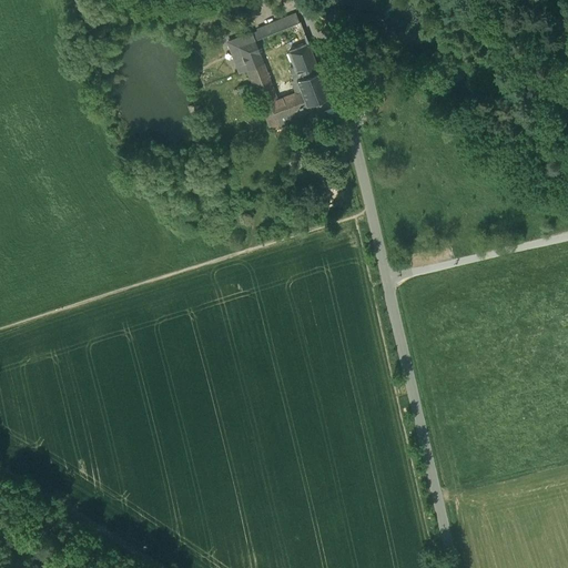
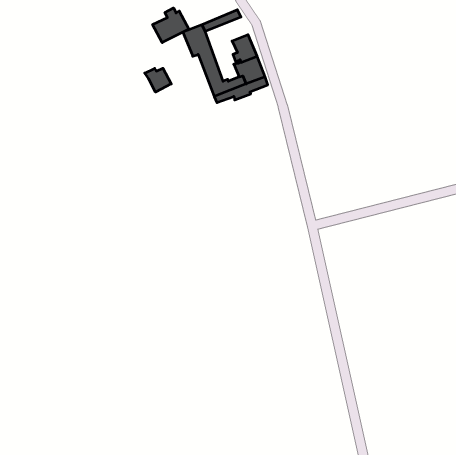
building: none -> [153,8,189,43]
building: none -> [145,68,171,92]

